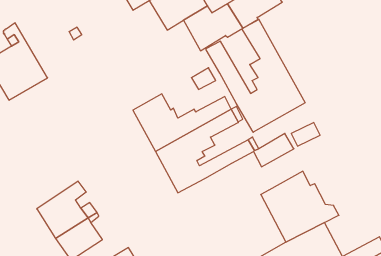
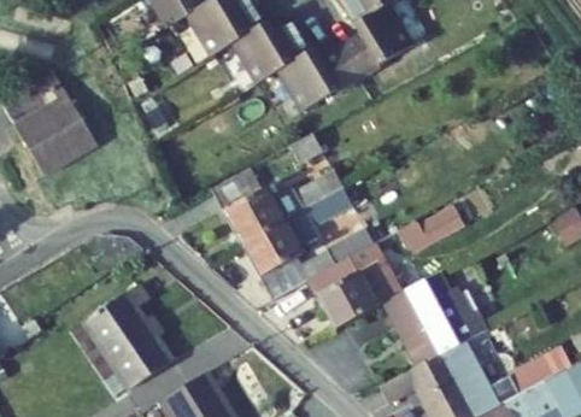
building: [206,19,305,132] -> none
building: none -> [307,260,393,329]

